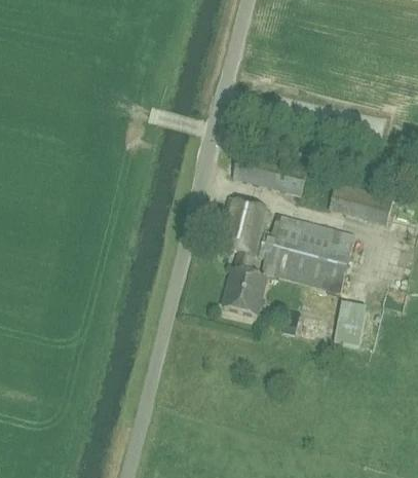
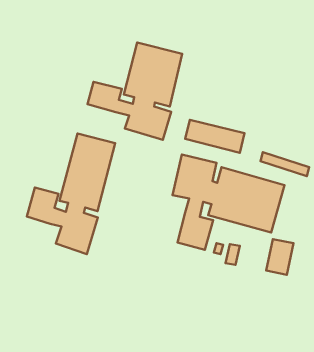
building: none -> [88,43,182,140]
building: none -> [27,133,115,254]

